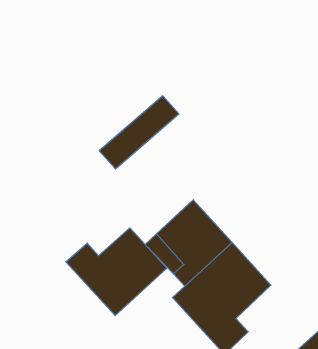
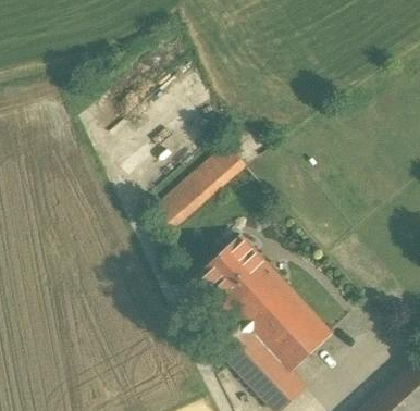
building: [99,96,179,169] -> [157,144,248,227]
building: [66,228,167,316] -> none

